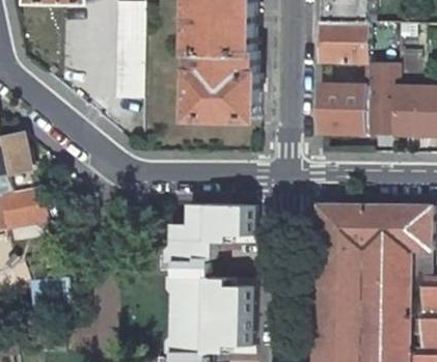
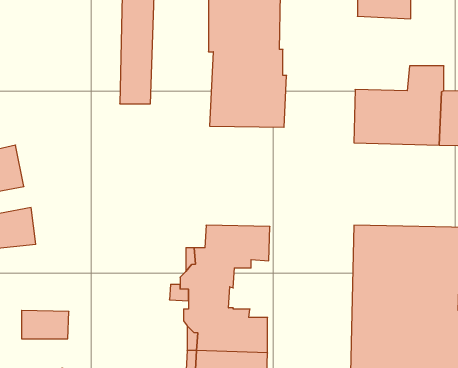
building: [322,21,370,64] -> none

